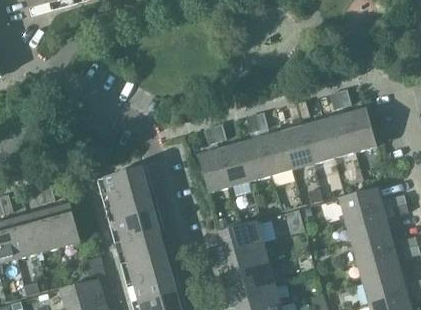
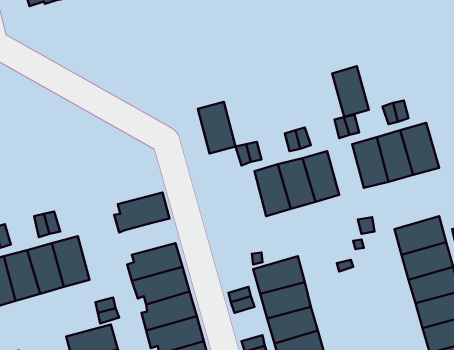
building: [282,125,313,168] -> [332,66,369,117]
building: [198,148,230,192] -> [198,102,236,154]
building: [105,188,153,219] -> none

